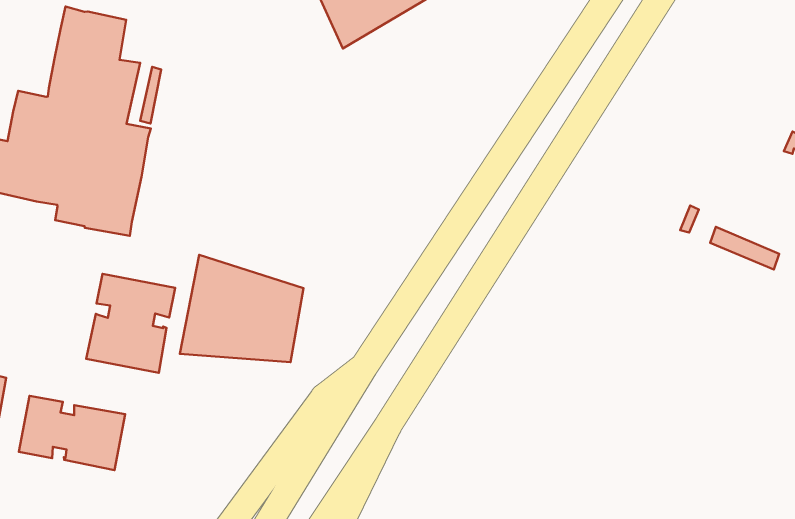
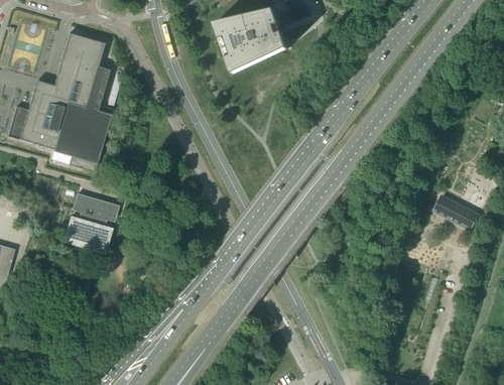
building: [180,255,303,362] -> none
building: [19,396,125,470] -> none

